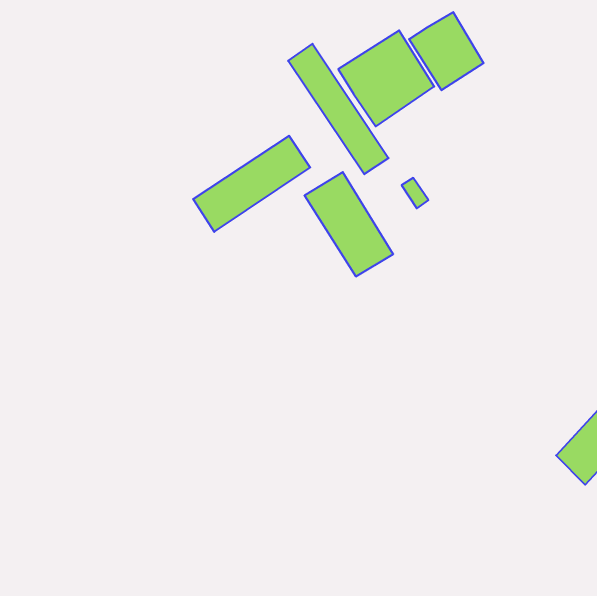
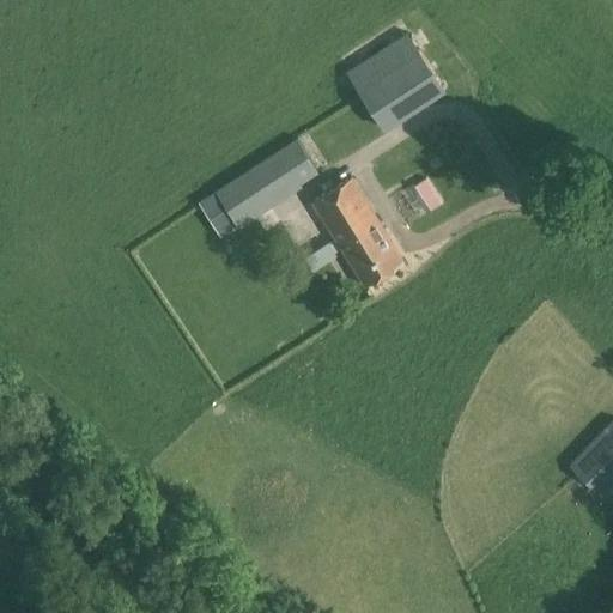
building: [409,12,484,90] -> none
building: [288,44,389,174] -> none

